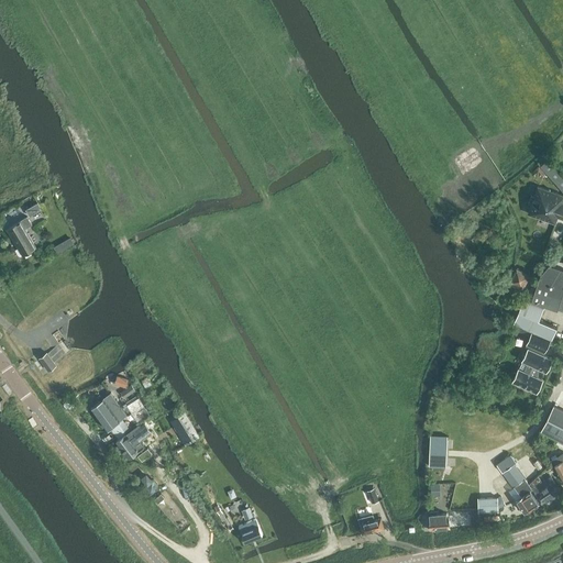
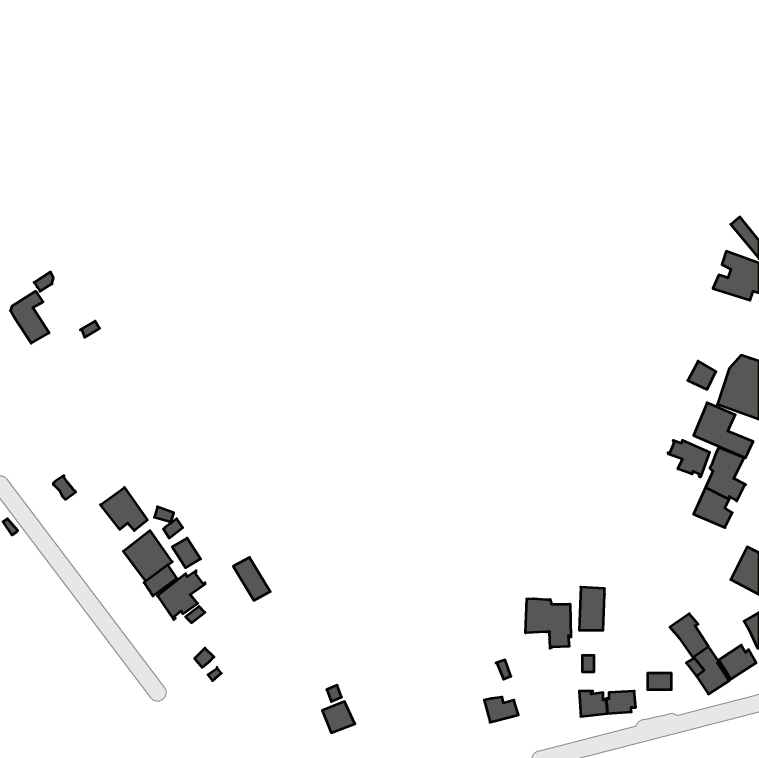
building: none -> [668,440,710,477]
building: none -> [100,487,147,531]
building: none -> [526,599,571,648]

